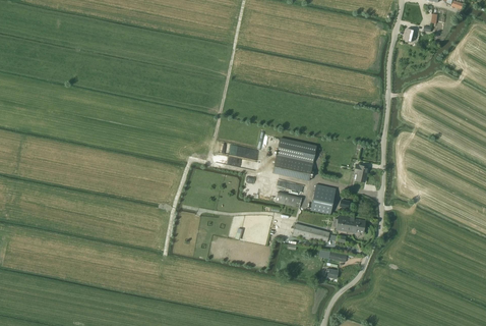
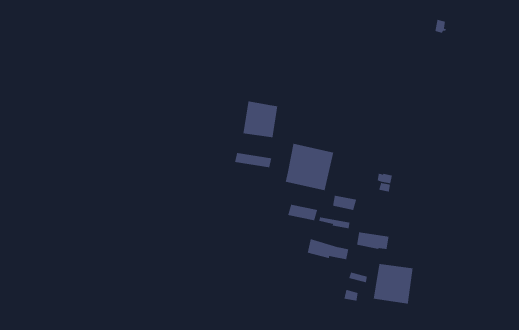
building: none -> [243,100,278,138]
building: none -> [373,263,413,304]

